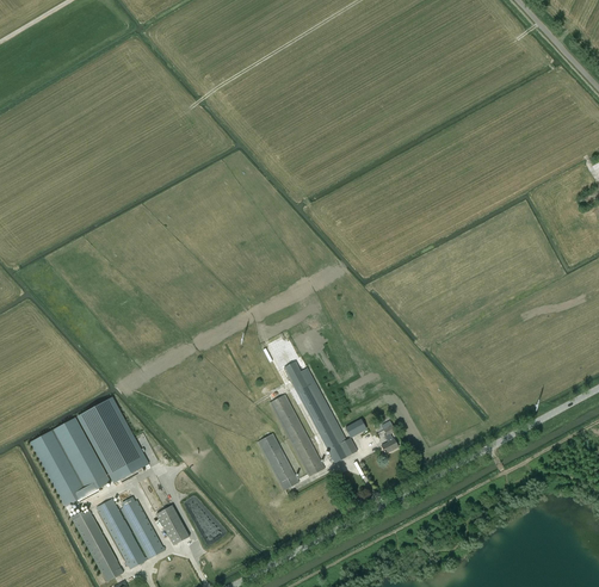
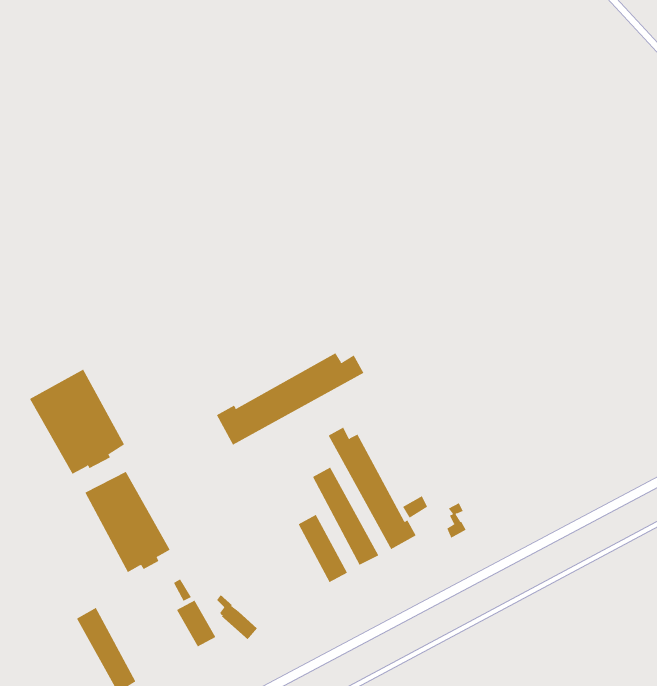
building: none -> [216,352,364,446]
building: [26,418,106,506] -> [29,369,125,475]
building: [95,495,163,568] -> none

